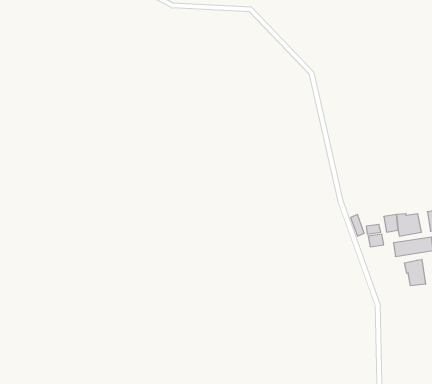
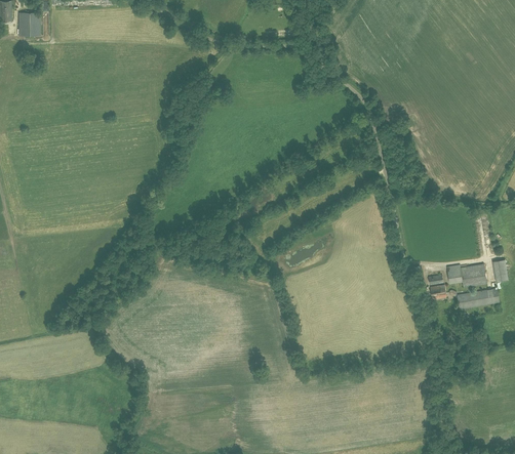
building: [405,259,426,286] -> none

